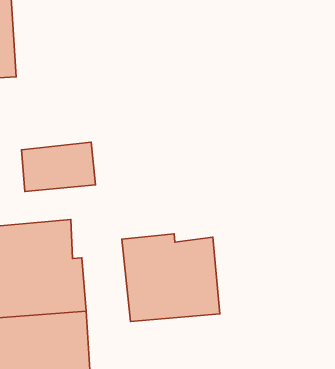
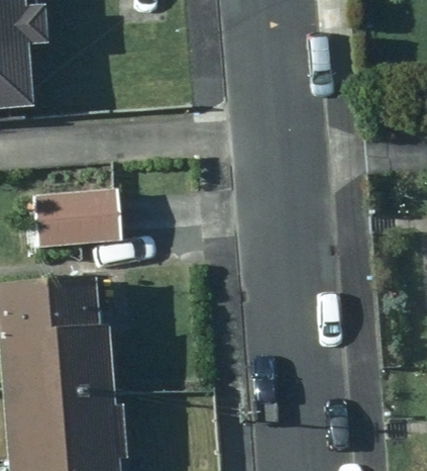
building: [122,234,220,321] -> none

